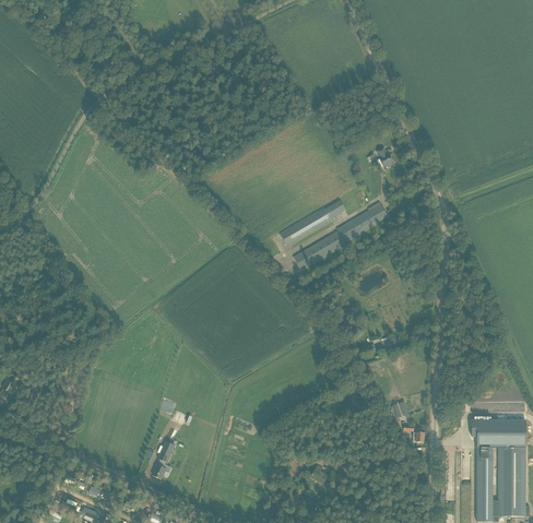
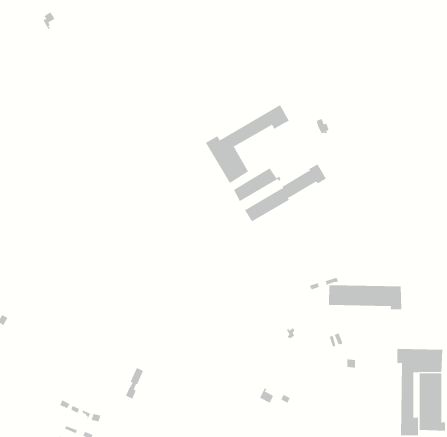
building: none -> [205,104,290,184]
building: none -> [329,284,402,310]

